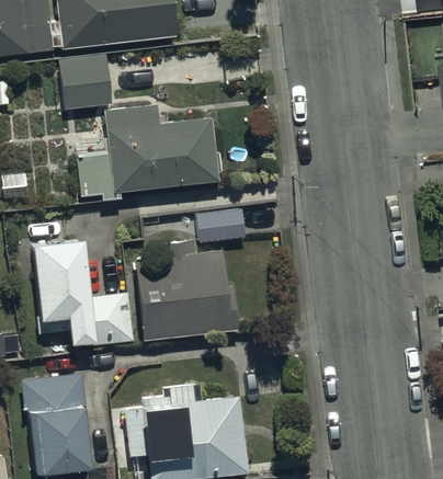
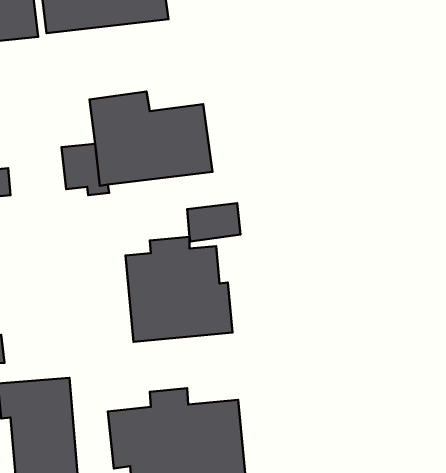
building: [58,55,112,112] -> none
building: [30,236,136,352] -> none

